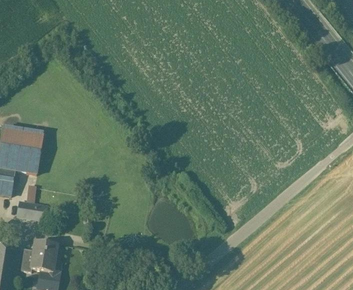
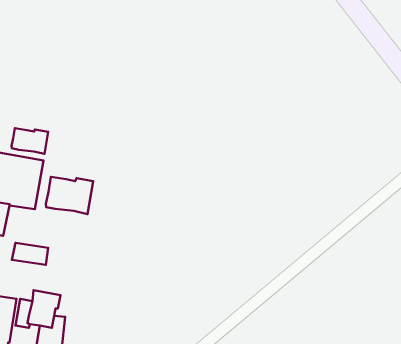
building: none -> [11,128,48,154]
building: none -> [46,177,93,214]

